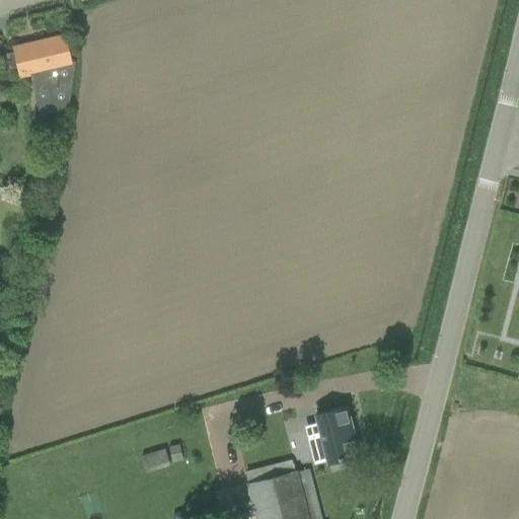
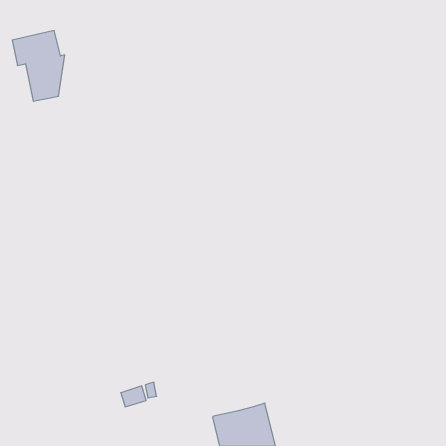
building: [306,406,358,464] -> none

